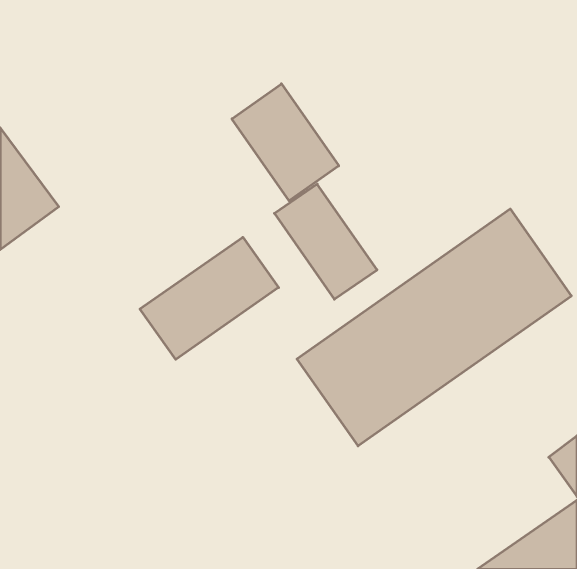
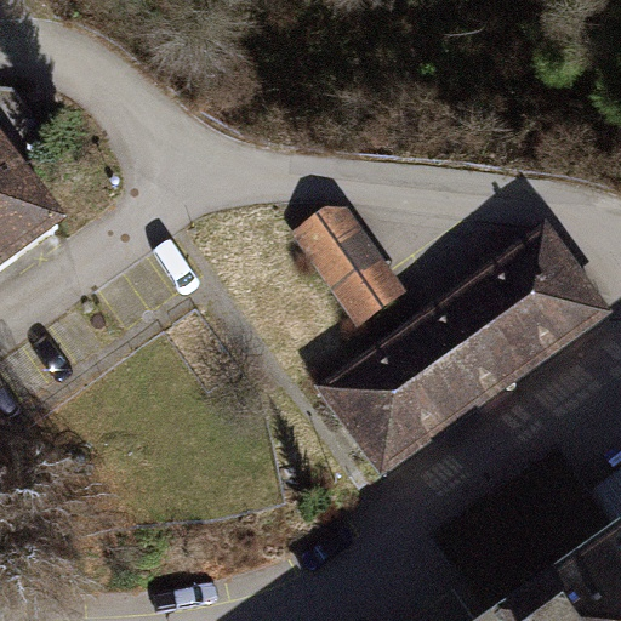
building: [232,84,339,201] -> none
building: [140,237,279,359] -> none

